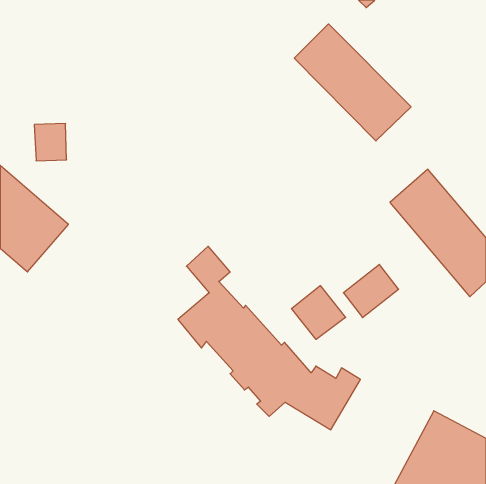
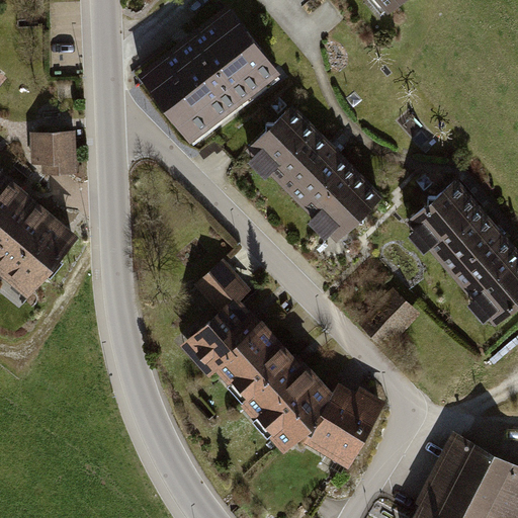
building: none -> [145,13,273,138]
building: [294,24,411,141] -> [255,109,379,234]
building: [292,286,346,339] -> none

